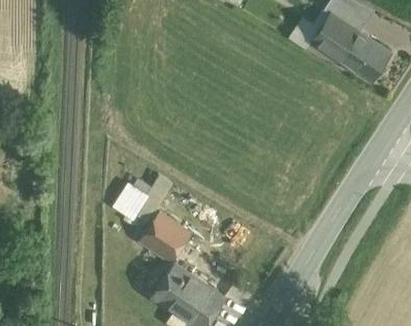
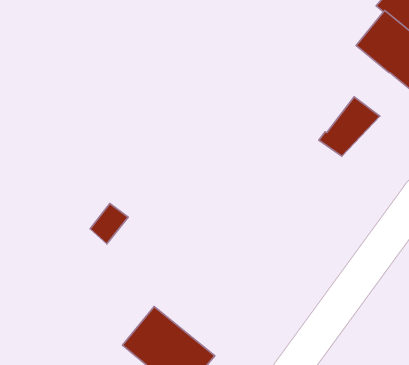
building: none -> [319,97,380,156]
building: [140,215,188,261] -> none

